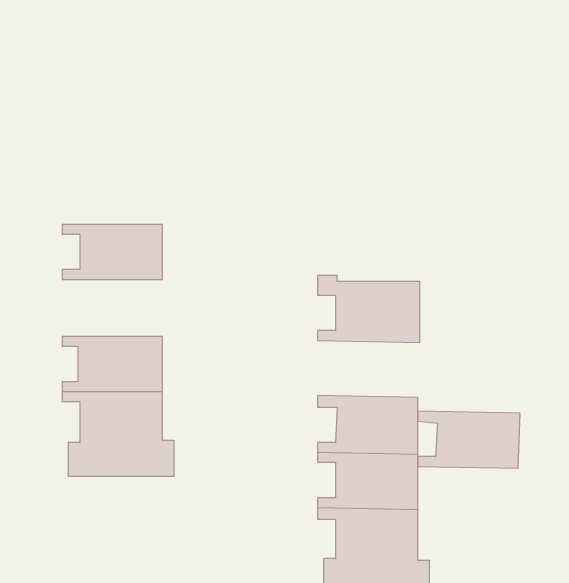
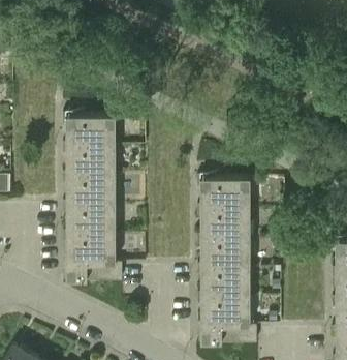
building: none -> [63,108,116,144]
building: none -> [63,173,116,203]
building: [418,411,520,468] -> [197,205,251,235]

